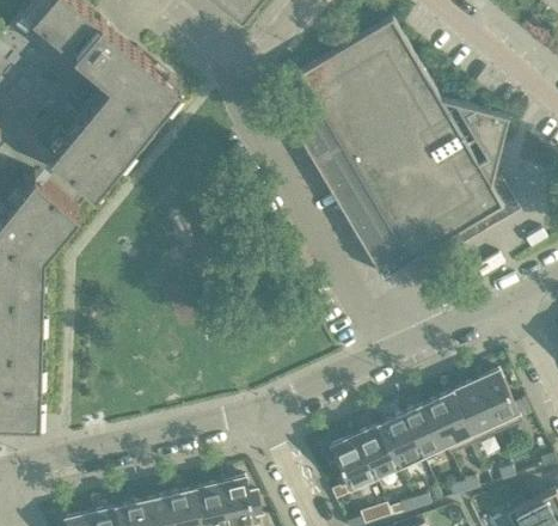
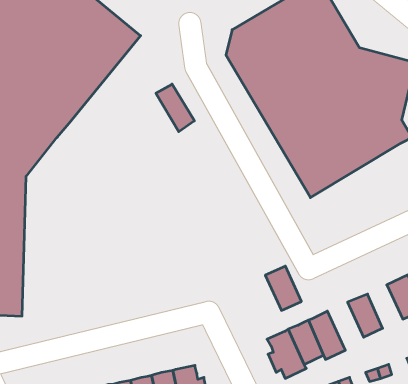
building: none -> [156,84,194,132]
building: [452,383,493,434] -> none
building: [404,403,447,455] -> [265,266,301,310]

